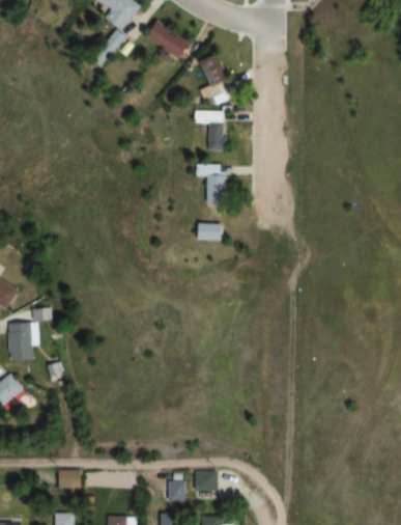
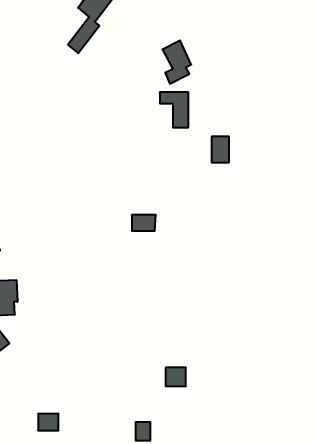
building: [146,20,190,60] -> none
building: [208,174,228,203] -> [212,137,229,162]
building: [198,223,225,241] -> [132,215,156,231]
building: [194,471,217,492] -> [166,368,186,386]

